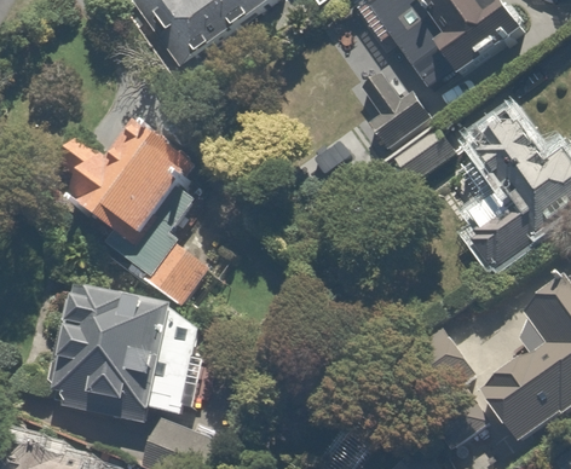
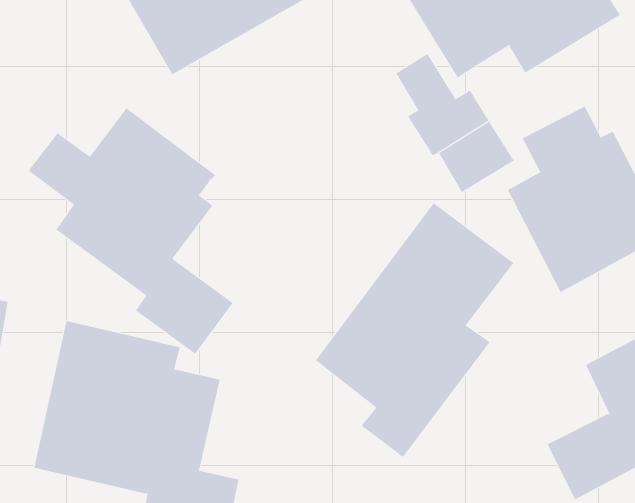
building: none -> [315,202,514,458]

